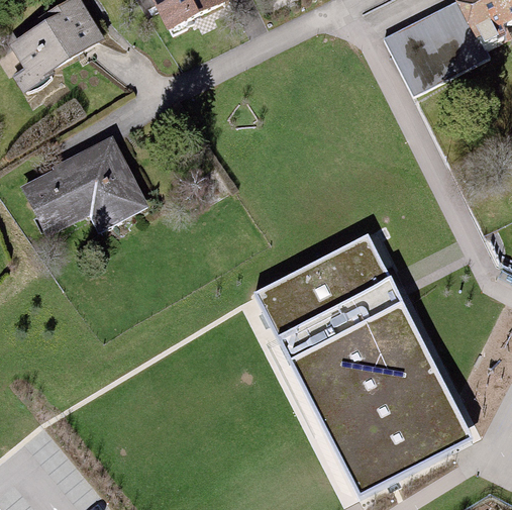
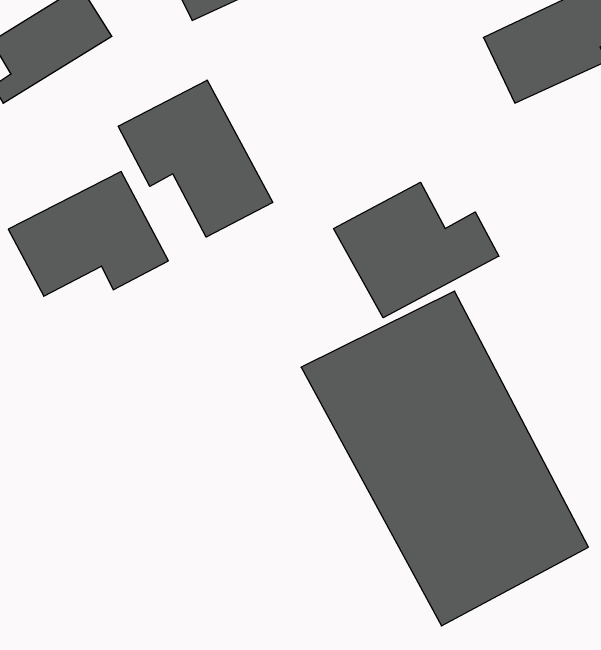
building: none -> [118,80,273,237]
building: none -> [334,182,499,318]

